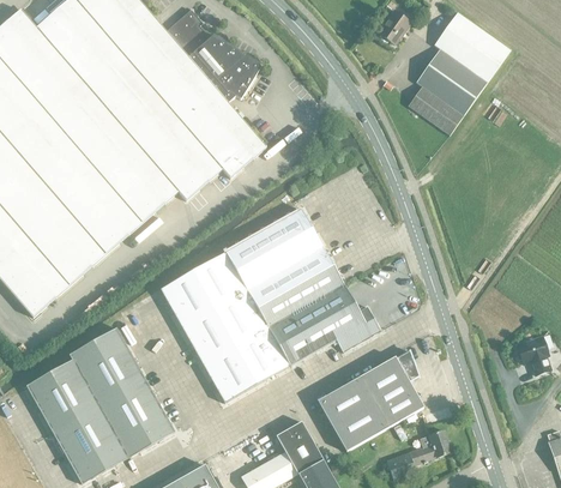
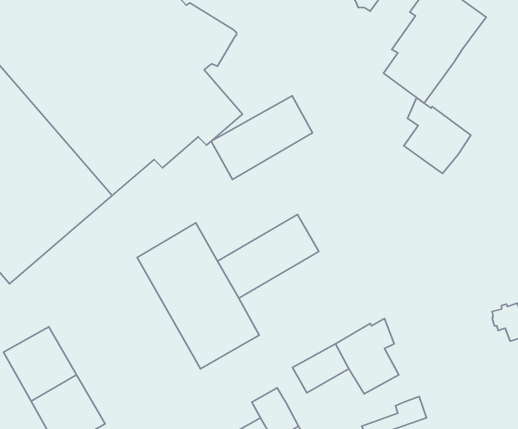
building: none -> [404,98,471,173]
building: [219,210,321,294] -> [211,96,313,180]
building: [263,284,380,368] -> none
building: [68,327,174,457] -> none
building: [331,402,388,451] -> none

